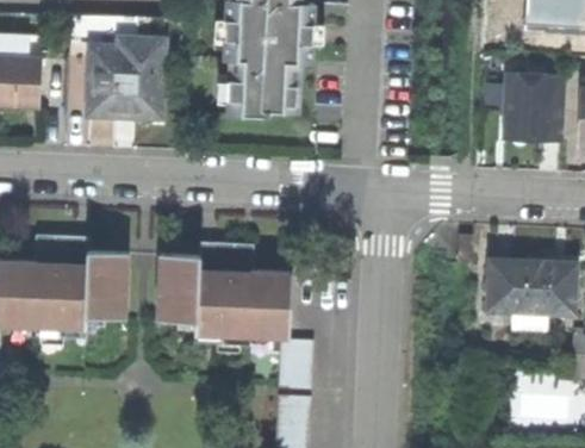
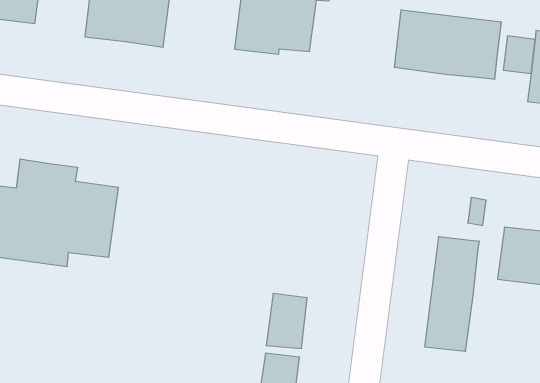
building: none -> [395,10,501,80]
building: [155,243,291,338] -> none
building: none -> [425,236,479,352]

